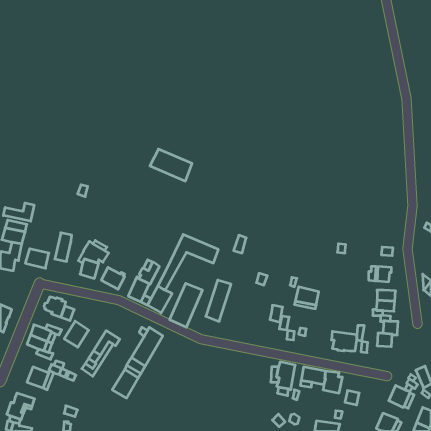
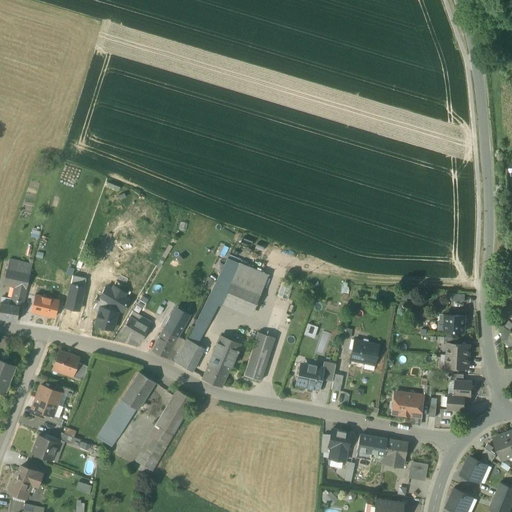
building: [150,149,192,181] -> [217,258,267,296]
building: [3,203,34,221] -> none
building: none -> [296,364,322,390]
building: [64,321,89,347] -> [126,371,155,402]

